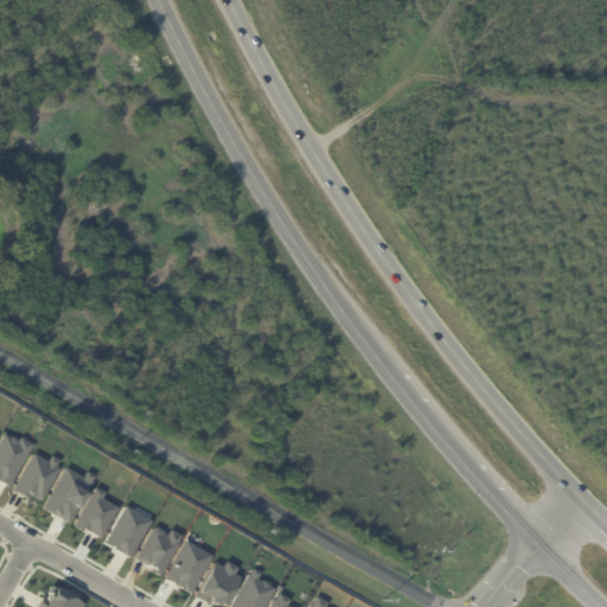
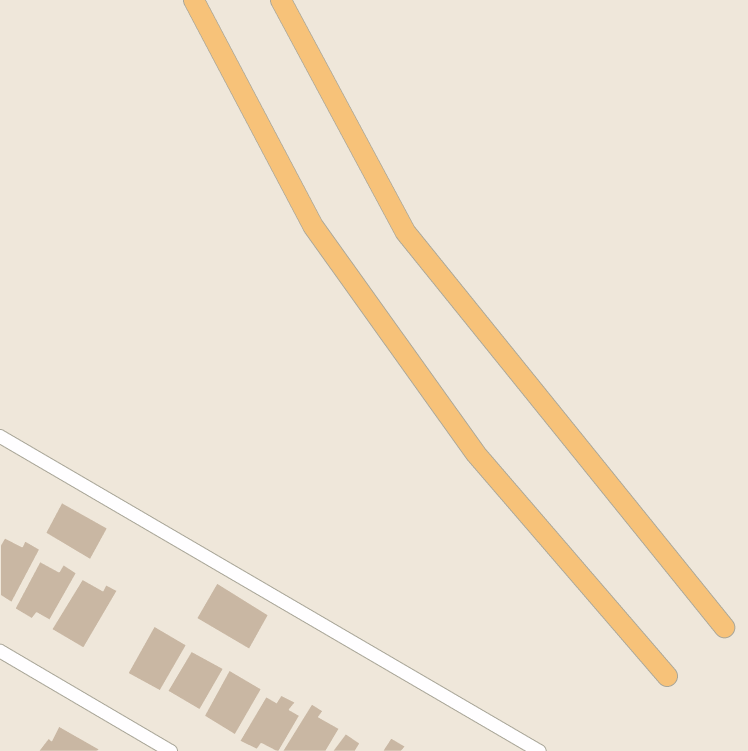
building: none -> [45,502,108,560]
building: none -> [196,583,268,650]
building: [76,486,120,537] -> none

